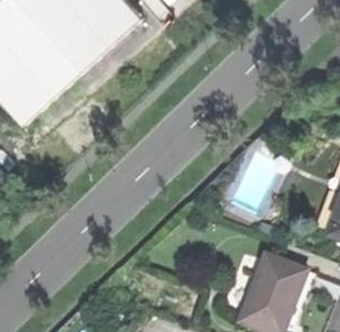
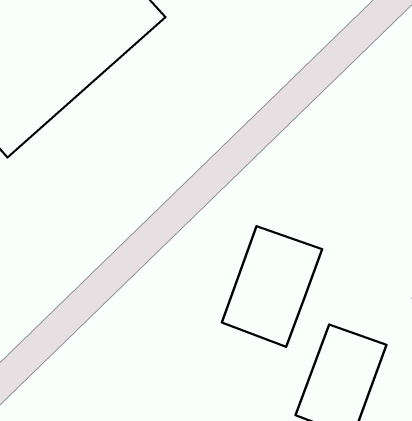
building: none -> [222,226,322,347]

